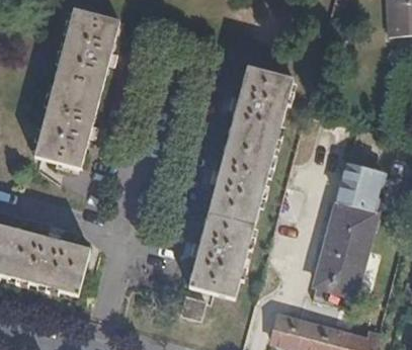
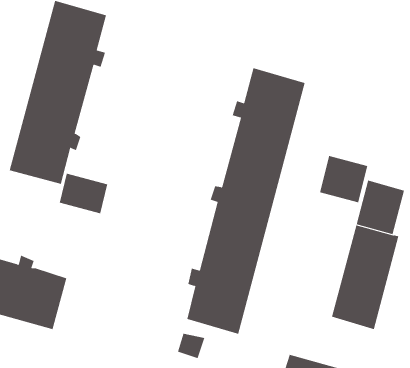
building: none -> [320,155,368,203]
building: none -> [59,173,108,214]

